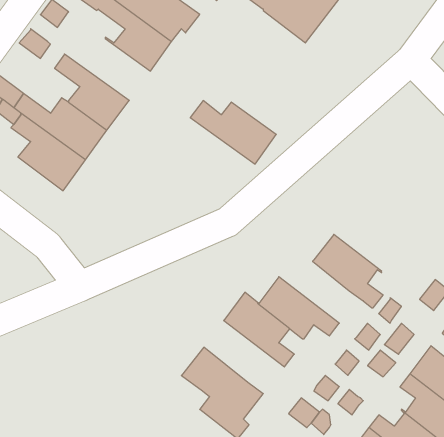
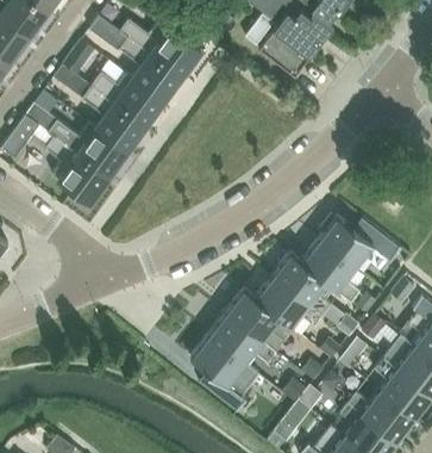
building: [190,101,276,164] -> [92,73,164,126]
building: none -> [319,215,401,271]
building: none -> [273,253,332,315]
building: none -> [209,312,277,365]

